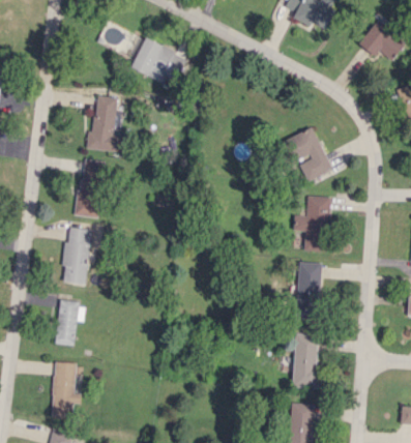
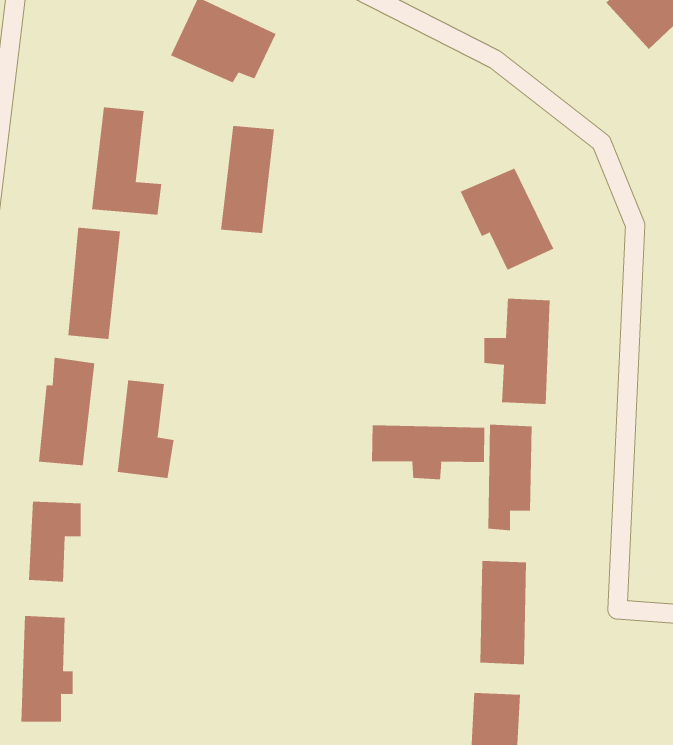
building: none -> [221,125,274,234]
building: none -> [117,380,174,479]
building: none -> [371,425,485,480]

